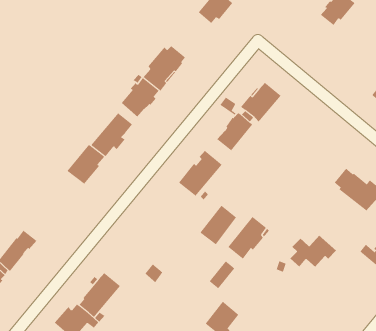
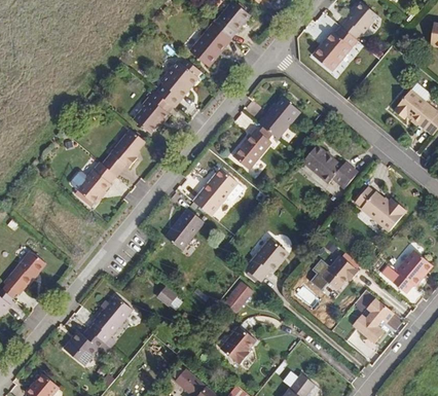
building: none -> [189,23,230,66]
building: none -> [313,26,357,71]
building: none -> [302,144,358,188]
building: [199,205,237,245] -> [165,208,204,250]
building: none -> [352,298,393,344]

